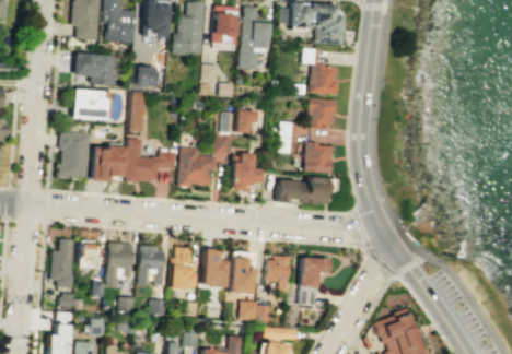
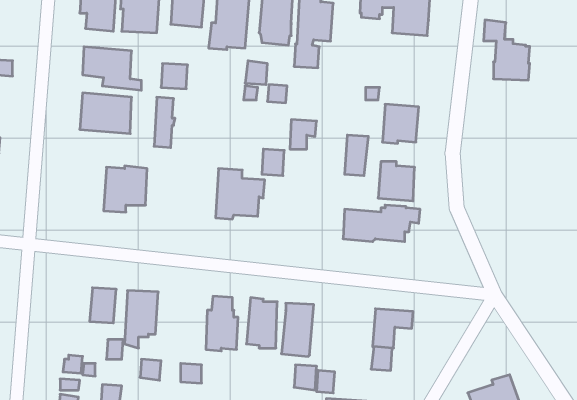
building: [303,47,339,94] -> [484,20,530,80]
building: [58,132,90,179] -> none
building: [126,138,176,182] -> none
building: [231,152,261,191] -> none
building: [51,239,78,287] -> none
building: [139,245,165,285] -> none
building: [267,256,291,293] -> none

